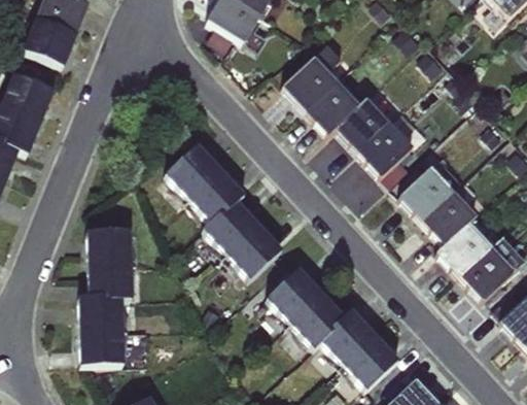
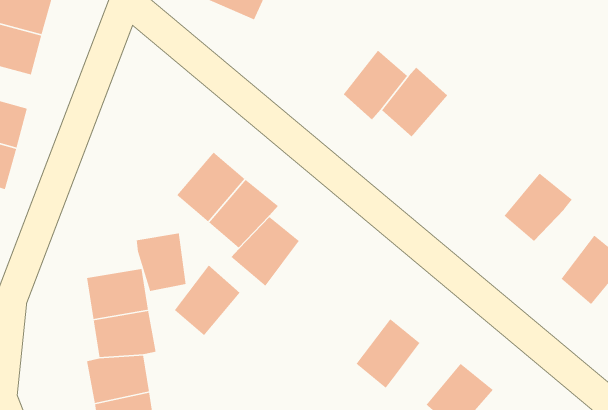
building: [283,54,339,110] -> none
building: [357,122,413,176] -> none
building: [398,167,455,223] -> none
building: none -> [136,233,187,292]
building: [226,223,281,279] -> [174,264,240,336]
building: [436,224,492,278] -> none
building: [267,268,322,326] -> none
building: [319,309,374,365] -> none

